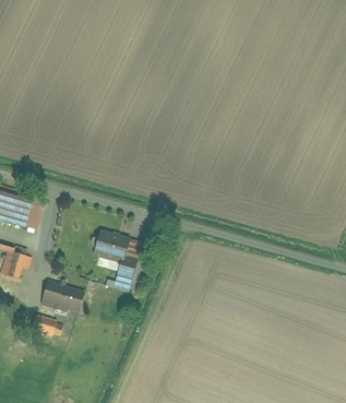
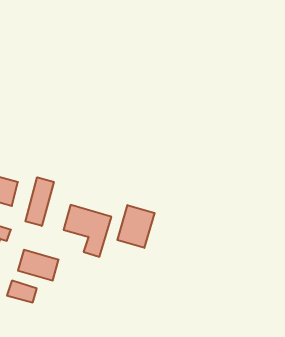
building: none -> [25,177,54,226]
building: none -> [117,205,155,248]

